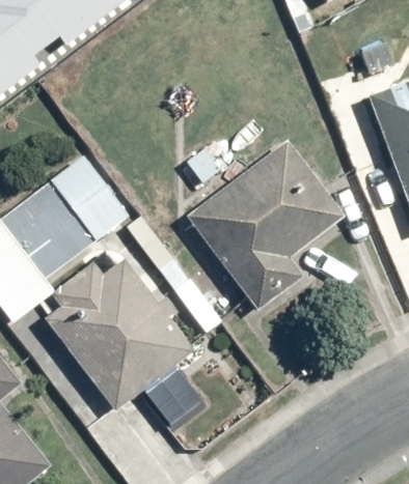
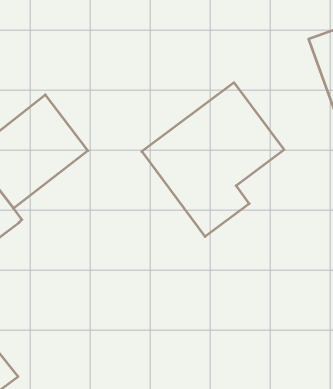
building: [45,259,193,410] -> none

